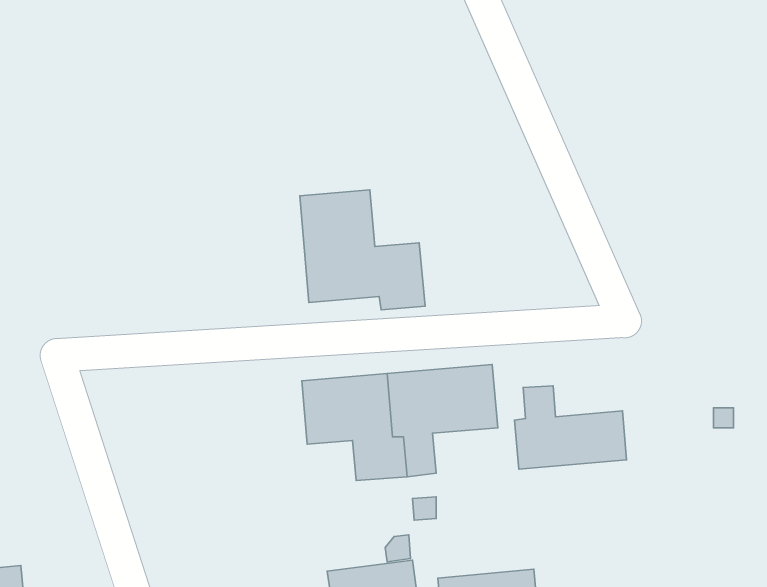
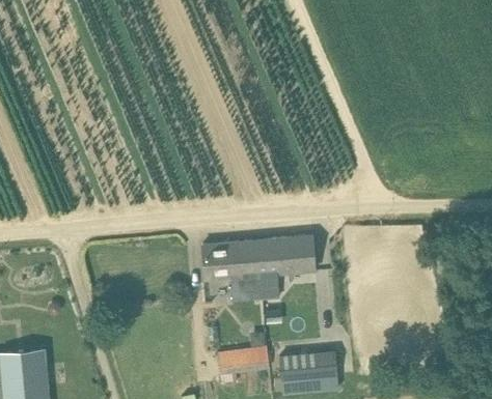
building: [300,190,425,310] -> none
building: [515,386,627,469] -> none

